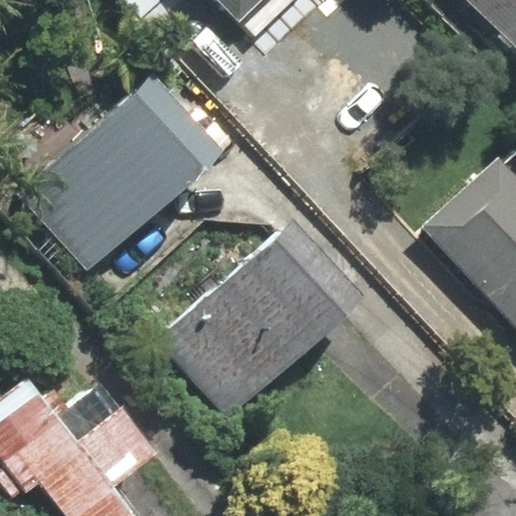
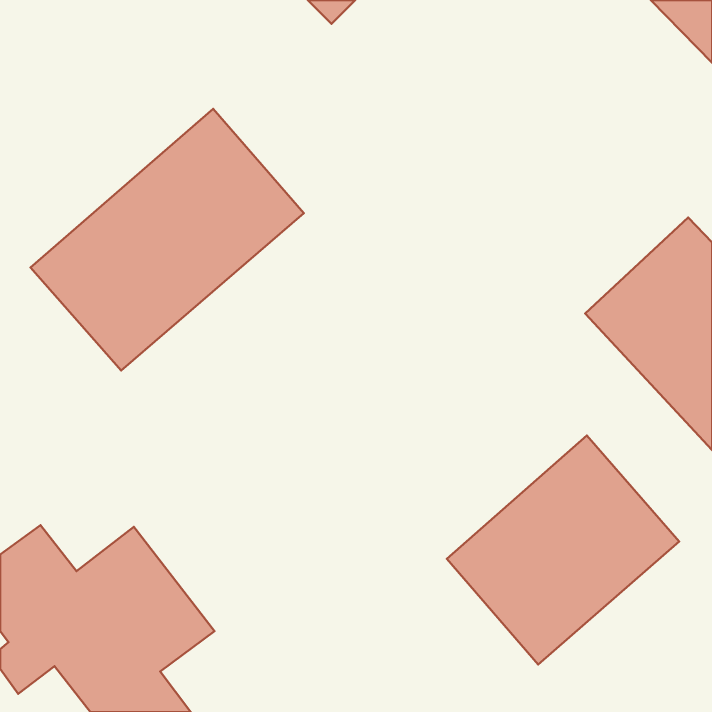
building: [159,228,354,415] -> none
building: none -> [447,436,679,665]

